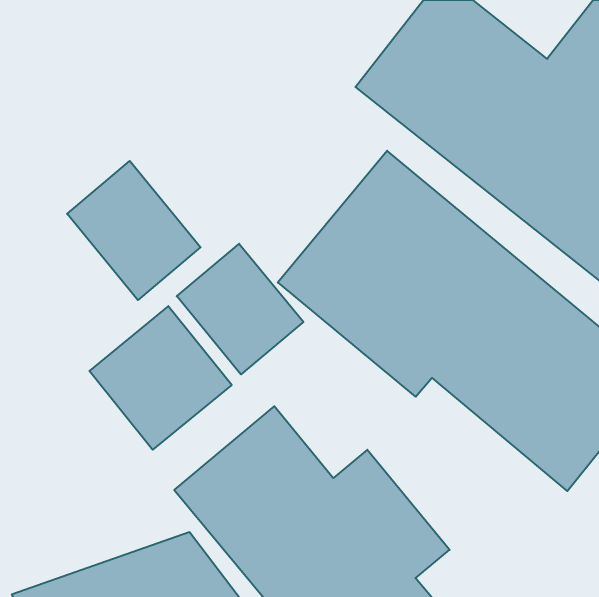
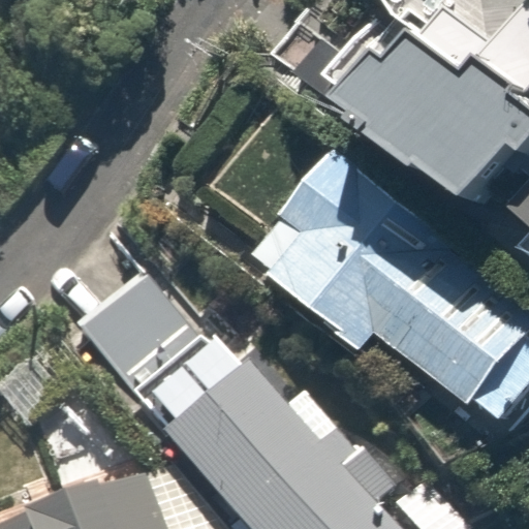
building: [67,161,201,300] -> none
building: [177,244,303,374] -> none

